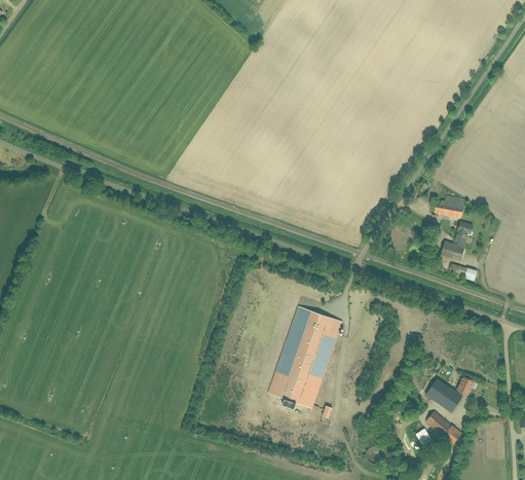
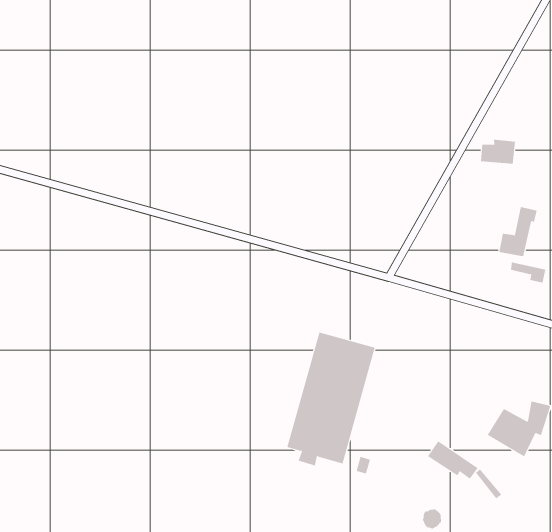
building: [433,197,461,218] -> [480,139,516,164]
building: [423,410,462,442] -> [427,441,479,479]

